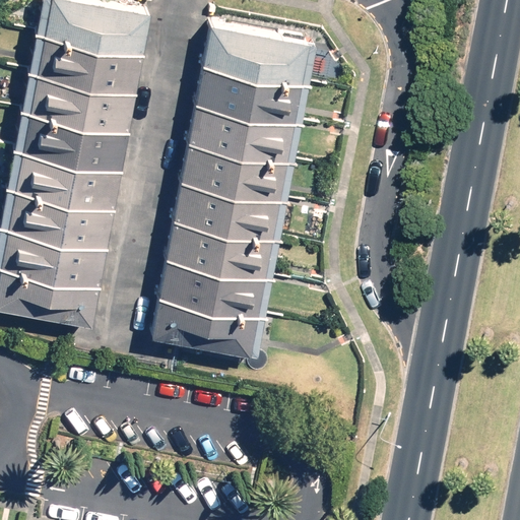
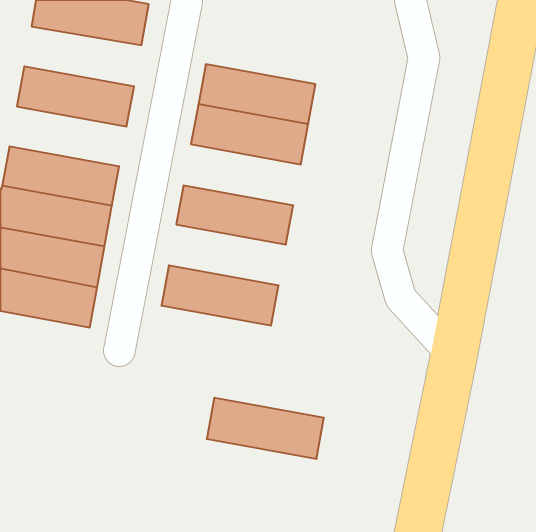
building: [201,27,314,87] -> none
building: [26,31,139,89] -> none
building: [12,109,125,167] -> none
building: [180,145,292,204] -> none
building: [166,222,278,281] -> none
building: [151,301,264,360] -> [207,398,324,459]

